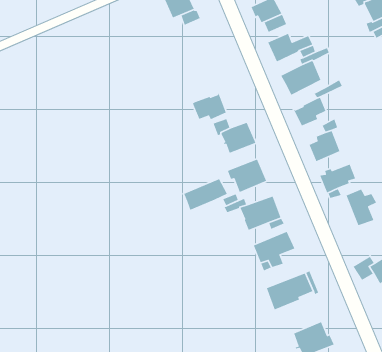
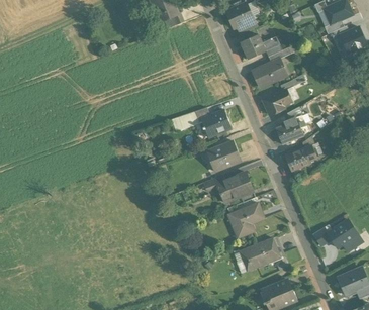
building: [192,93,227,120] -> none
building: [183,178,227,211] -> none
building: [345,188,377,226] -> none

